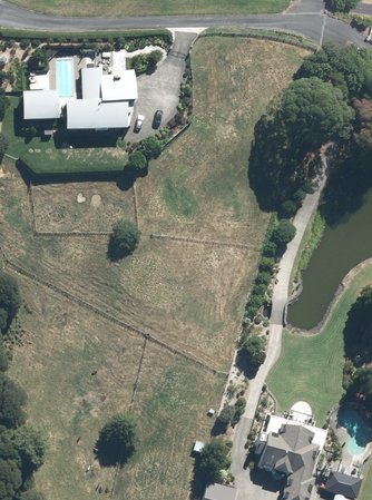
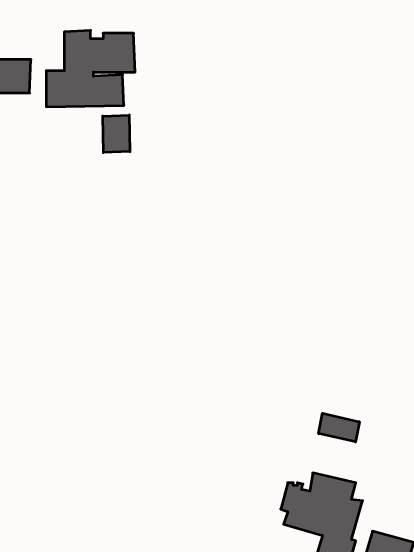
building: none -> [103,115,130,153]
building: none -> [319,413,359,442]

